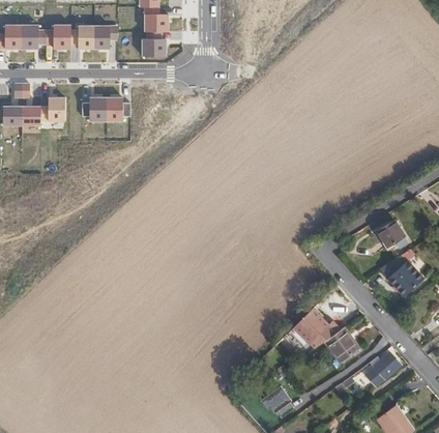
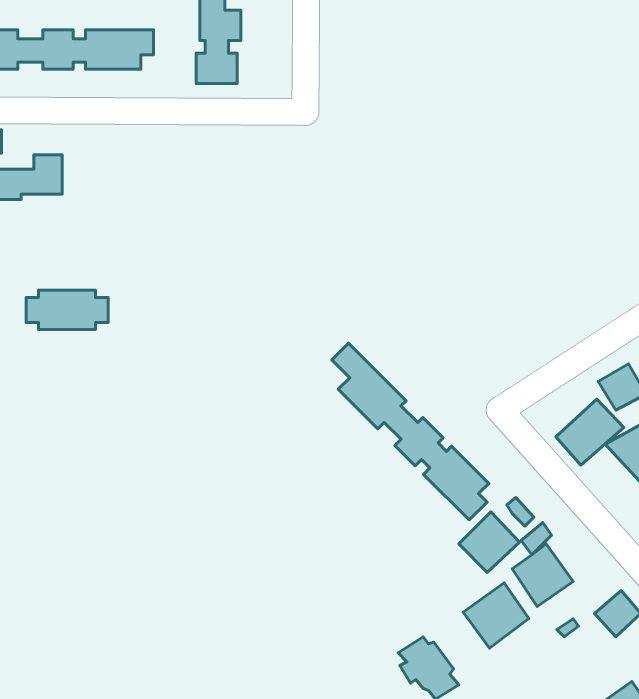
building: [82,98,129,121] -> [26,290,108,329]
building: none -> [332,343,489,520]
building: none -> [556,399,624,465]
building: none -> [463,583,529,648]

